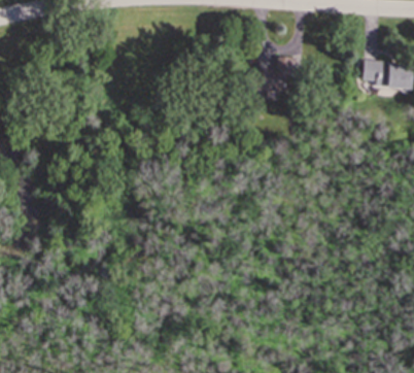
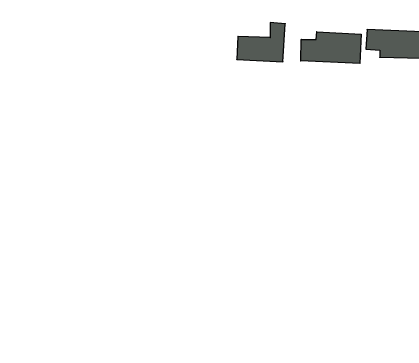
building: none -> [301,32,361,63]

